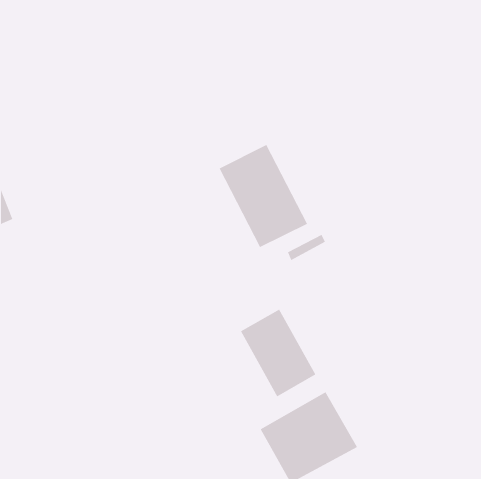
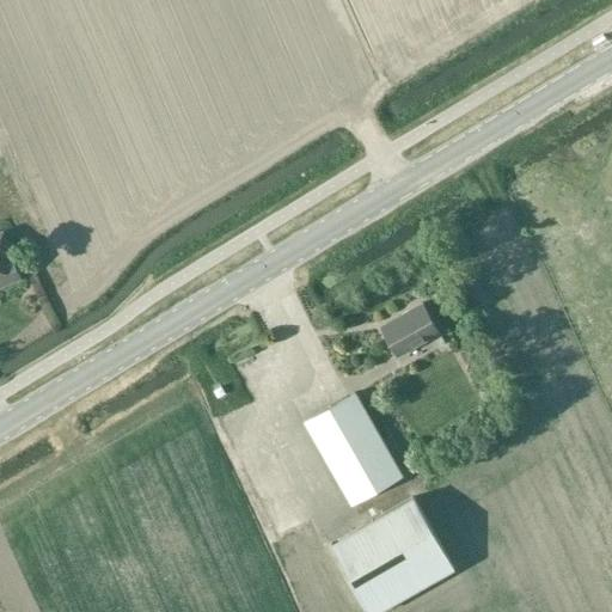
building: [219,144,308,248] -> none
building: none -> [381,307,439,360]

